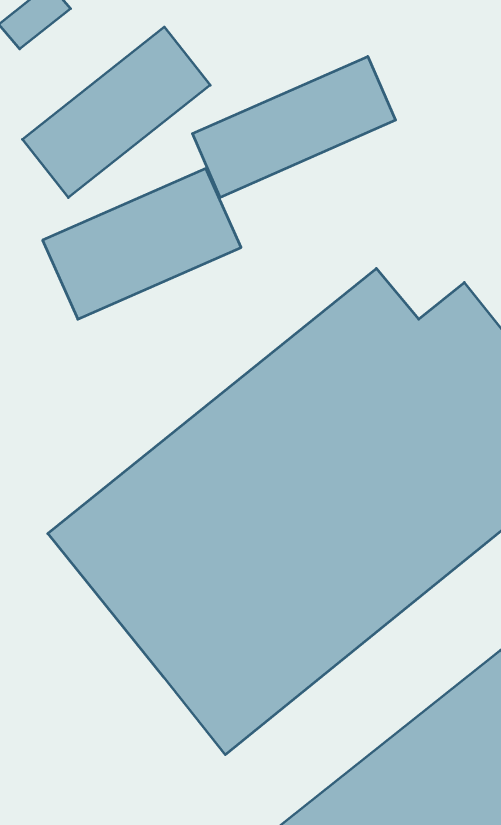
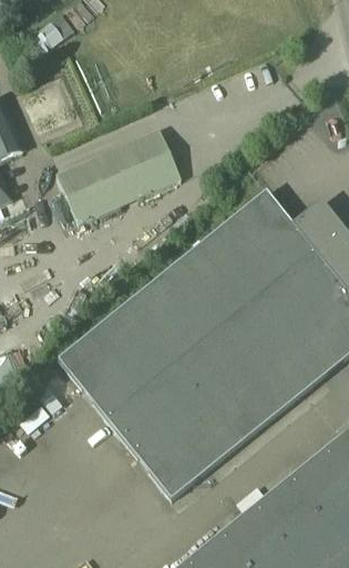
building: [22,27,210,198] -> none
building: [192,56,396,197] -> none

